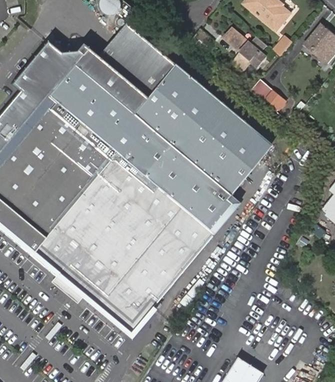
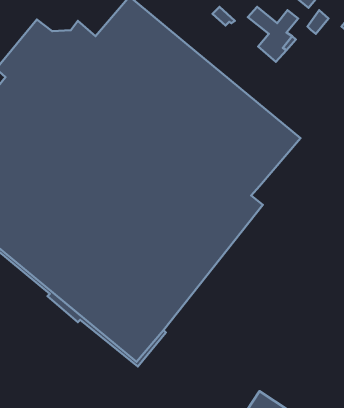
building: [252,79,287,110] -> none

